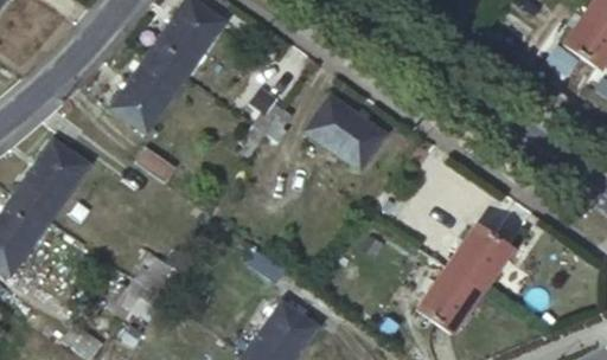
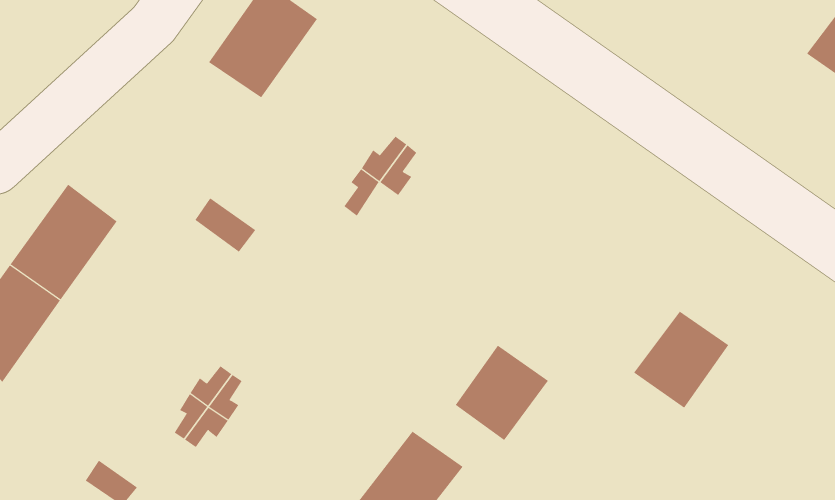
building: [108,52,185,131] -> none
building: [305,97,384,172] -> none
building: [413,266,478,333] -> [455,345,549,441]

